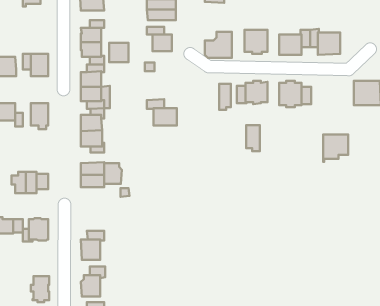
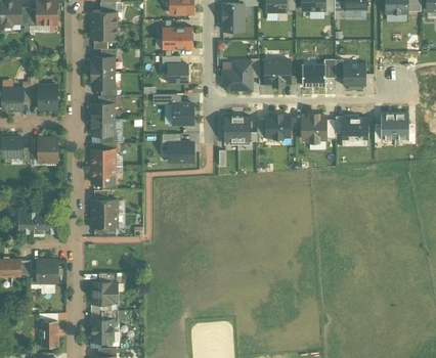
building: [109,43,128,62] -> [173,103,193,124]
building: [246,125,260,151] -> [224,117,238,144]
building: [323,135,348,162] -> [342,118,368,146]
building: [104,163,122,184] -> none

